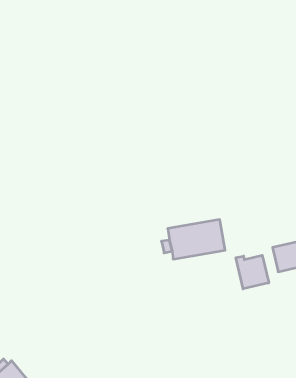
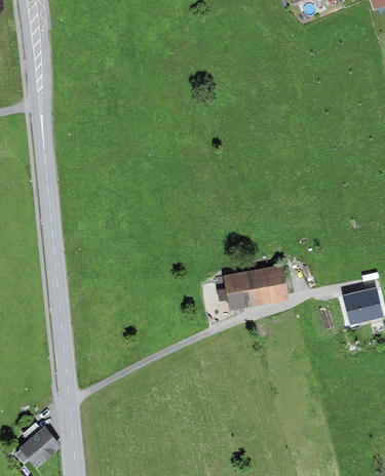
building: [236,255,269,289] -> none

